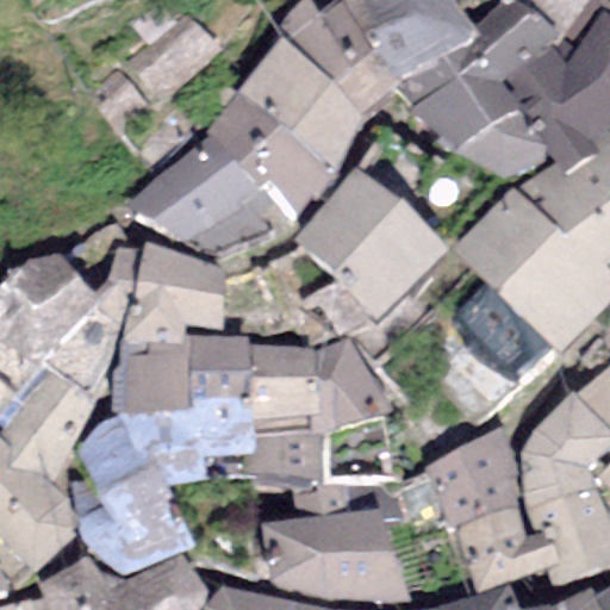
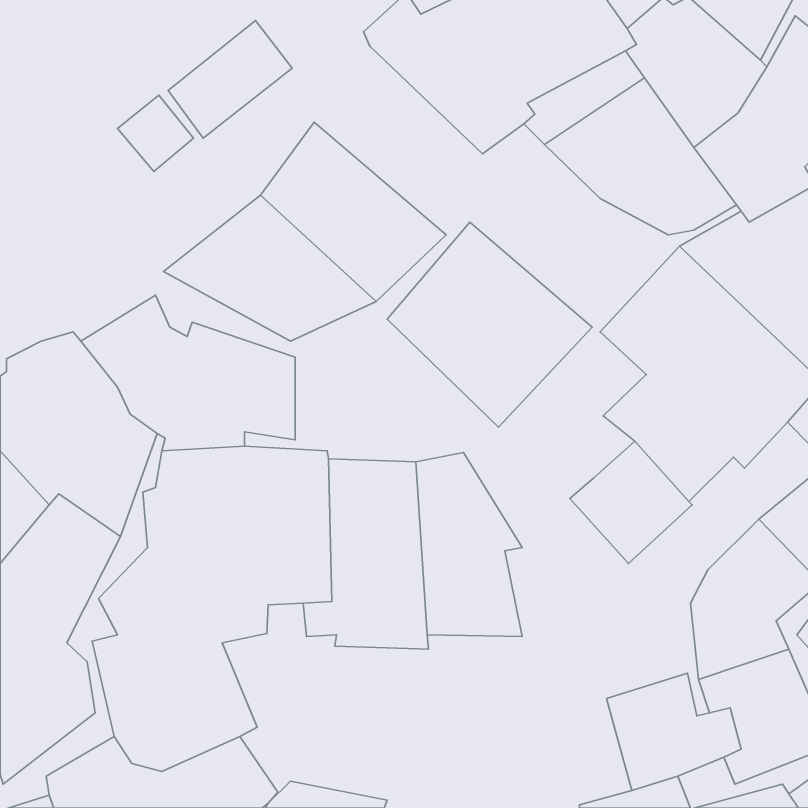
building: [238,35,365,176] -> none
building: [422,425,518,527] -> none
building: [264,508,412,602] -> none

